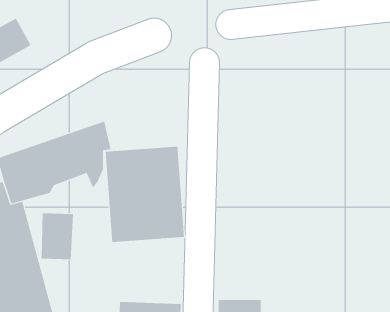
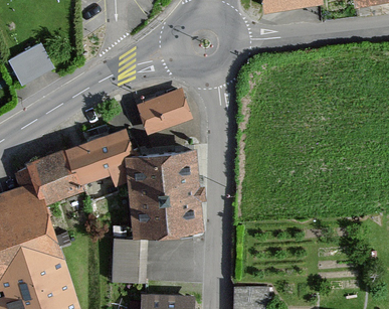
building: none -> [133,89,192,140]
building: [41,213,74,260] -> [113,242,143,285]

